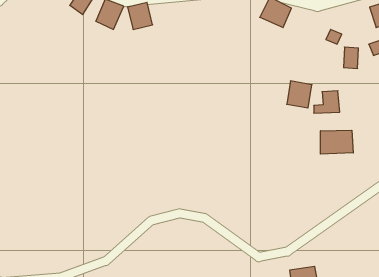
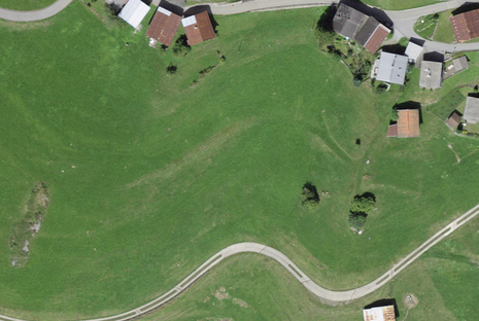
building: none -> [356,20,388,52]
building: [287,81,312,108] -> [379,53,407,83]
building: [321,130,353,154] -> none

